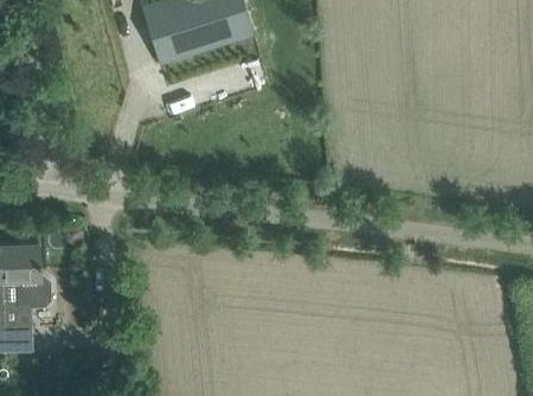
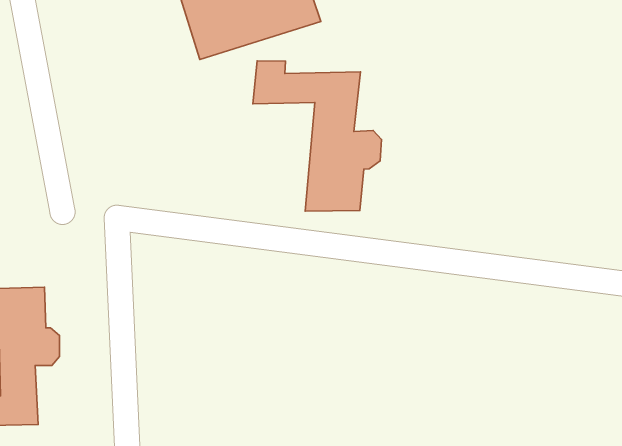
building: none -> [253,61,381,211]

